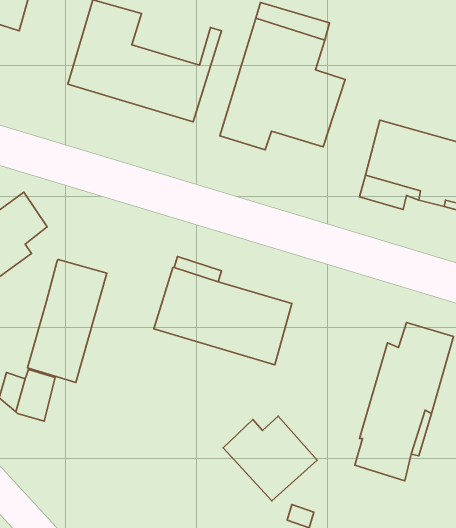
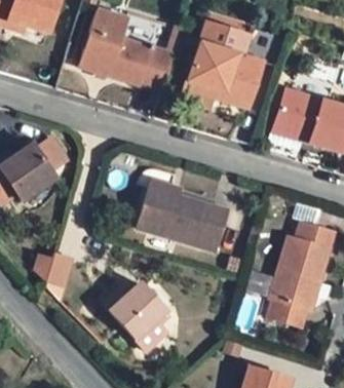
building: [28,260,107,382] -> none
building: [223,416,317,501] -> [104,282,165,338]

